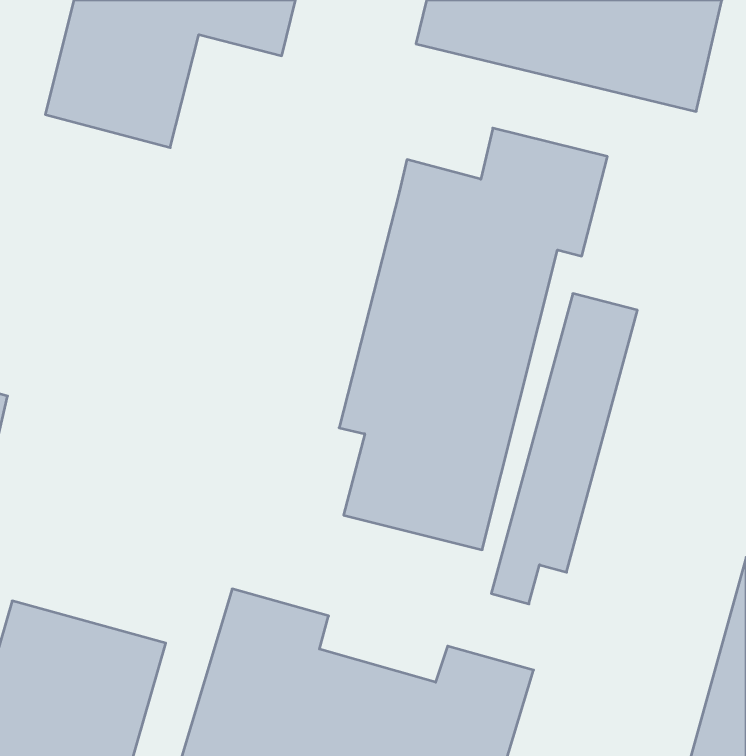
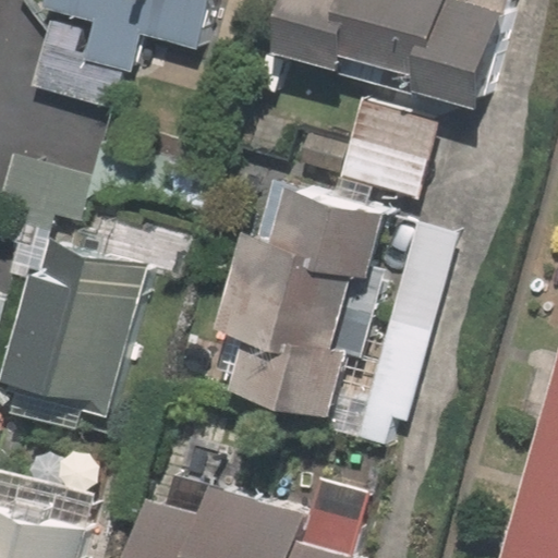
building: none -> [29,226,163,400]

